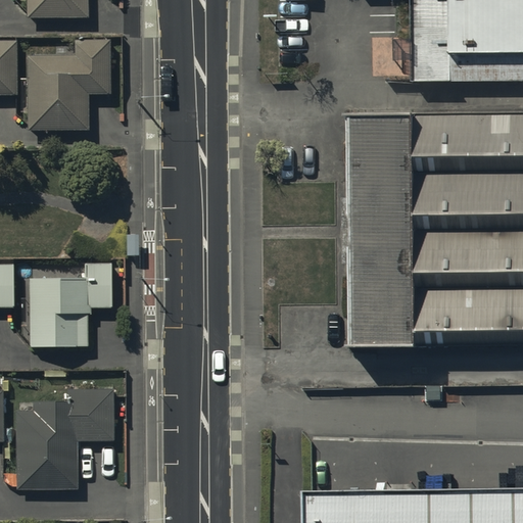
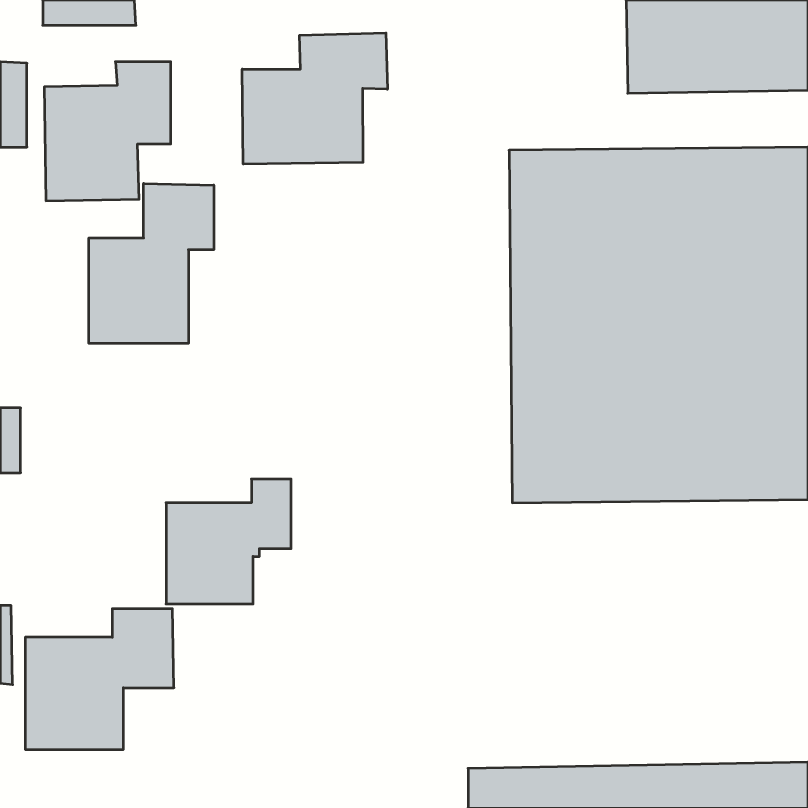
building: none -> [242,33,387,164]
building: none -> [89,183,214,343]
building: [32,264,112,344] -> [166,479,291,604]

